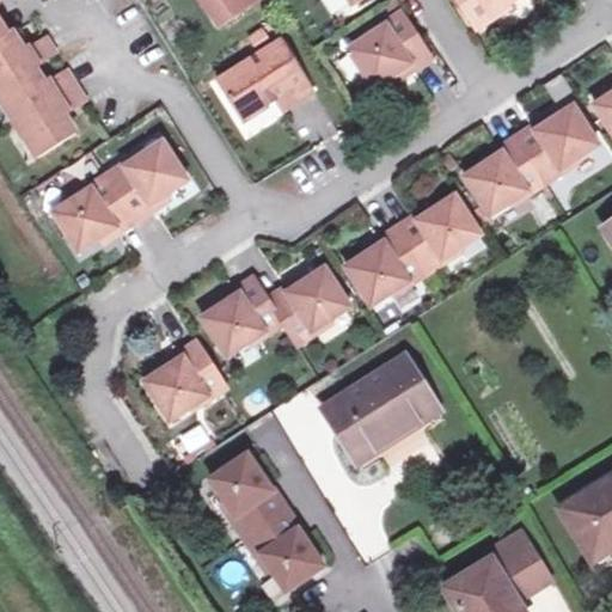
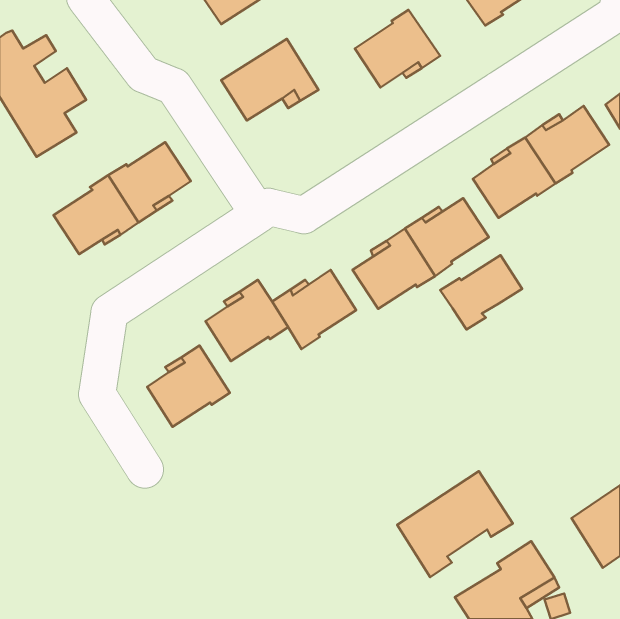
building: none -> [440,255,522,330]
building: [324,357,437,461] -> [397,471,513,577]
building: [210,453,324,592] -> none

